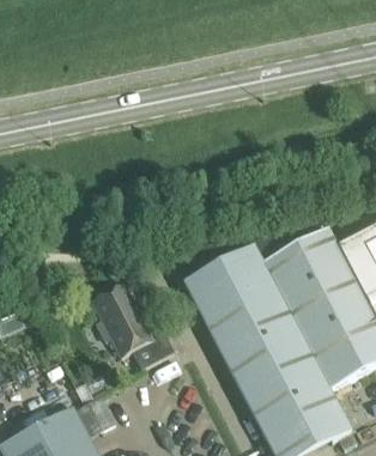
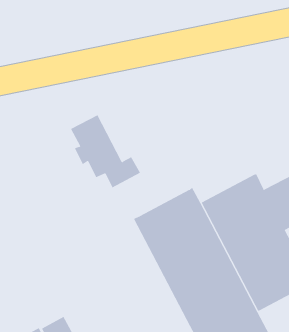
building: [92,282,175,369] -> [70,115,141,188]

